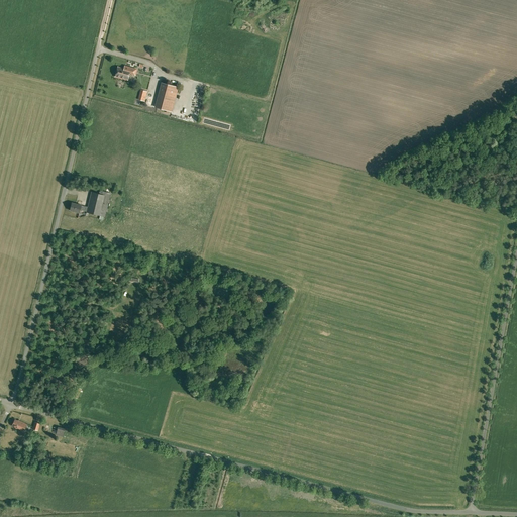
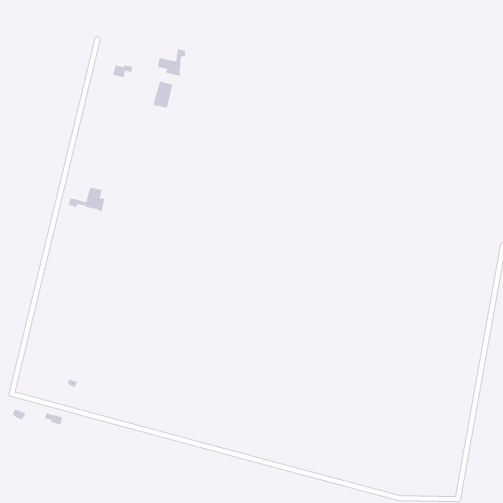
building: none -> [157,49,186,76]

